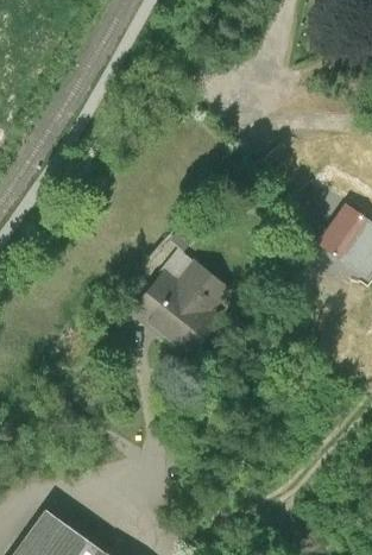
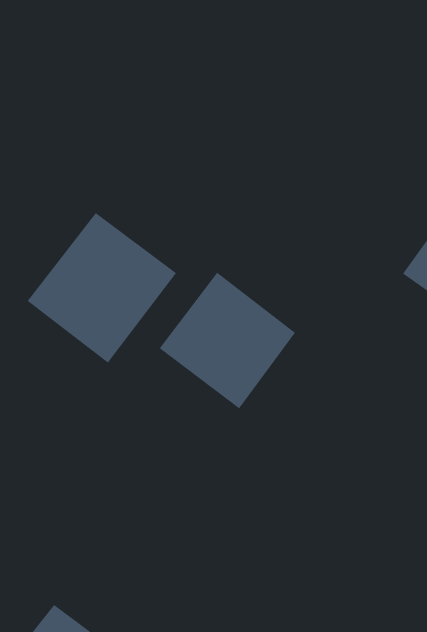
building: none -> [27,212,177,363]

